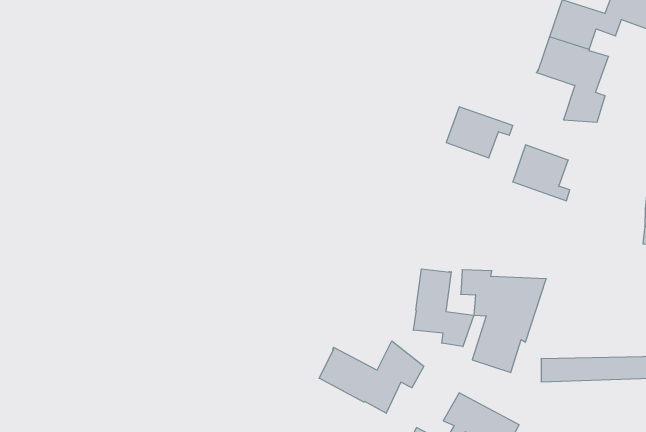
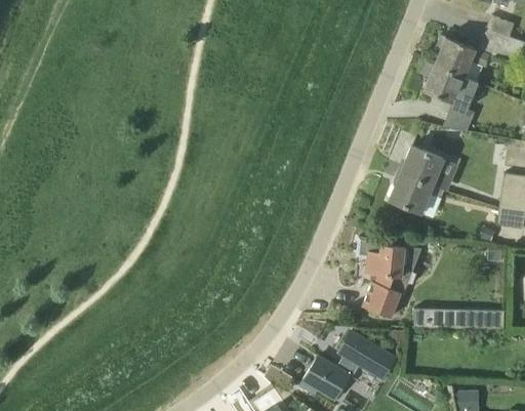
building: [446,107,513,158] -> [390,173,441,213]
building: [413,269,474,347] -> none
building: [319,341,424,413] -> none

